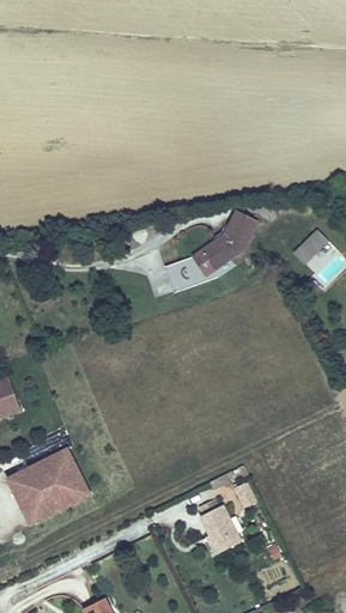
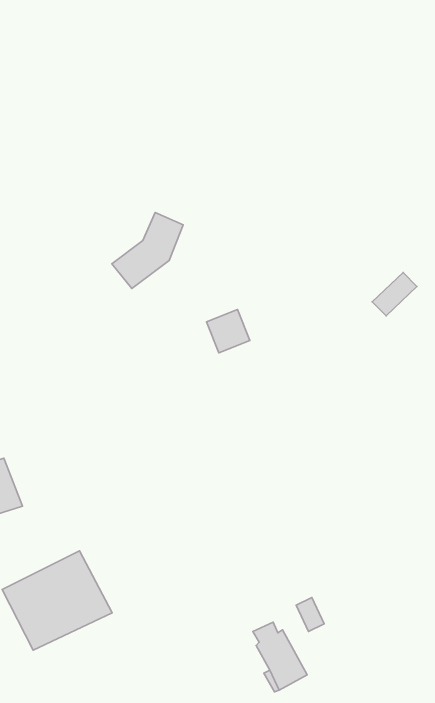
building: [198,214,253,273] -> [112,213,183,288]

